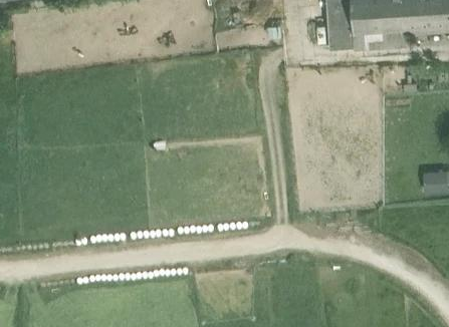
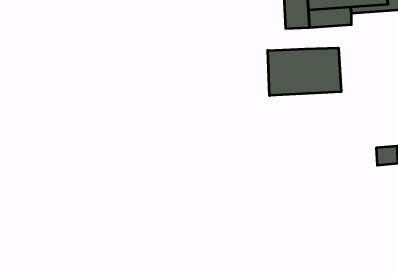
building: none -> [268,48,341,96]

